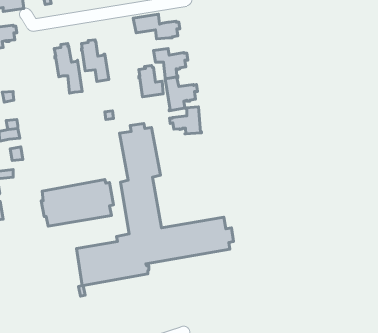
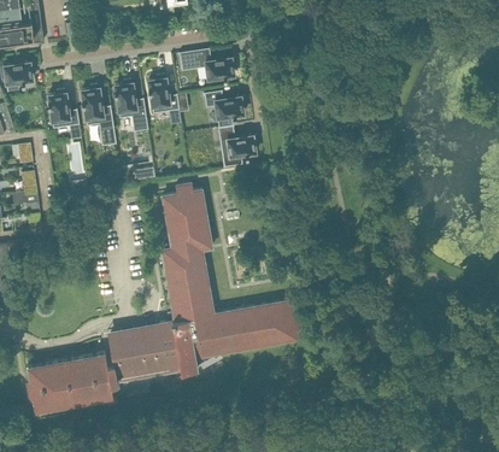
building: none -> [48,90,80,129]
building: [139,66,163,97] -> [148,76,178,115]
building: [170,107,202,134] -> none
building: [41,179,114,226] -> [27,353,116,411]

